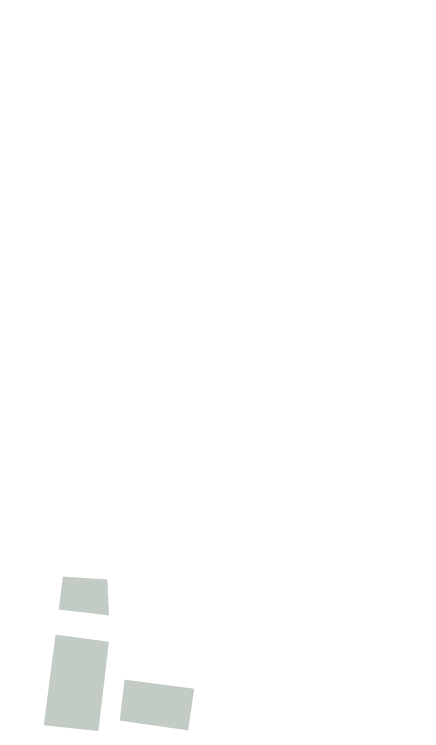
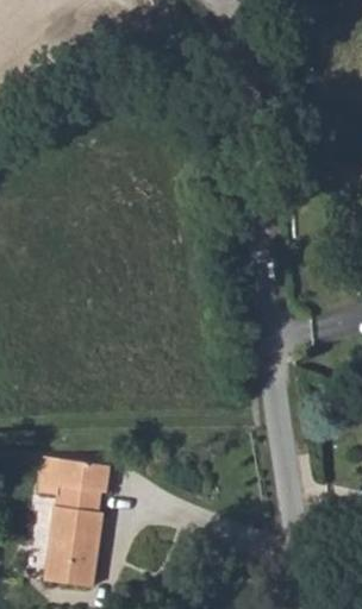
building: [119,679,195,731] -> none

